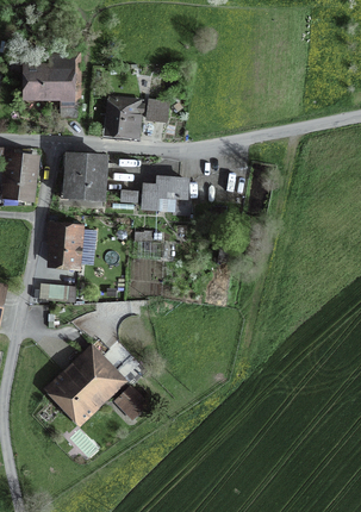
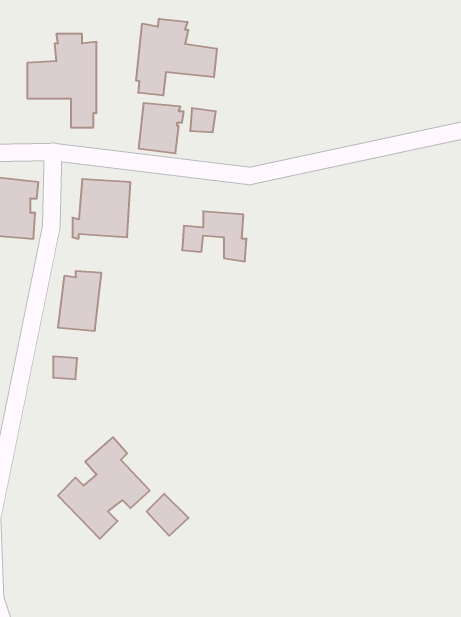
building: none -> [136,19,217,96]

